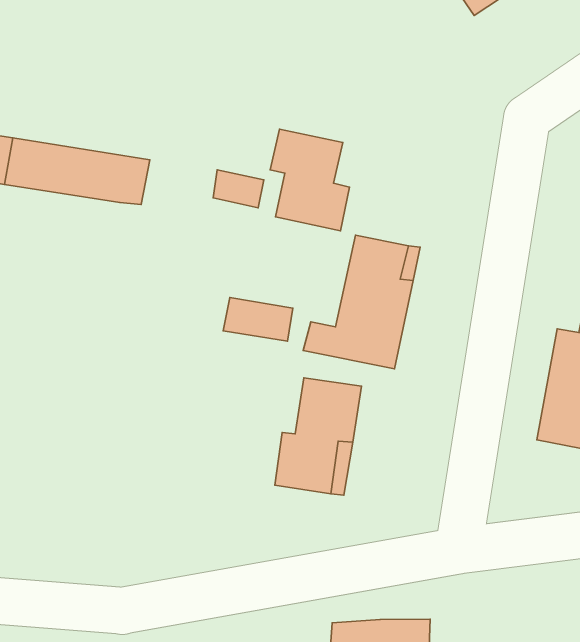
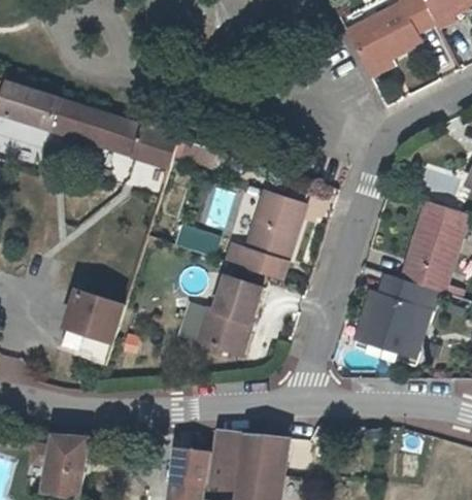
building: [270,129,350,231] -> none
building: none -> [134,126,178,164]
building: none -> [58,292,123,363]

